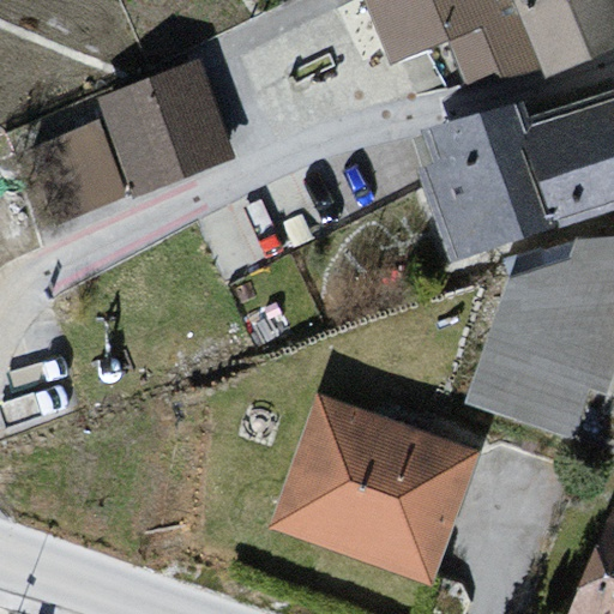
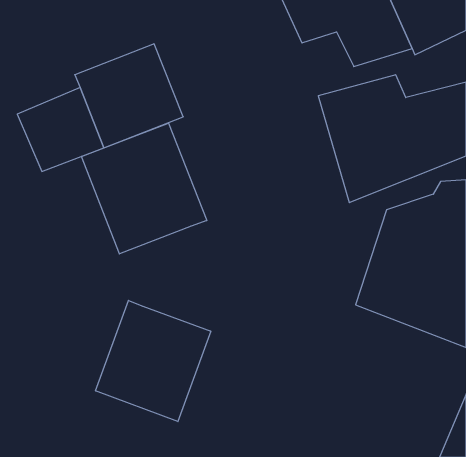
building: none -> [81,123,207,254]
building: [264,391,478,586] -> none
building: none -> [96,300,211,422]

